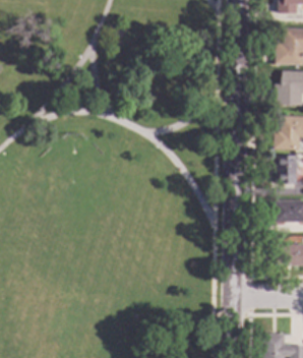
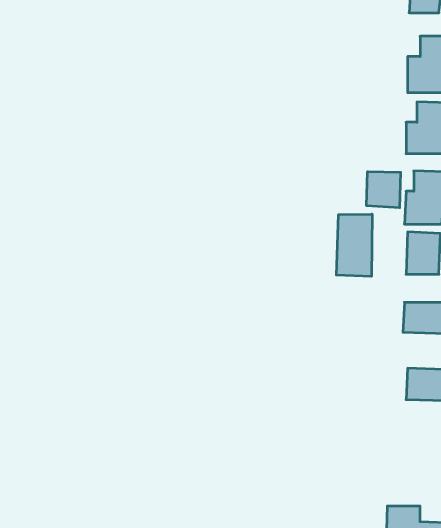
building: none -> [367,172,401,208]
building: none -> [336,214,372,276]

